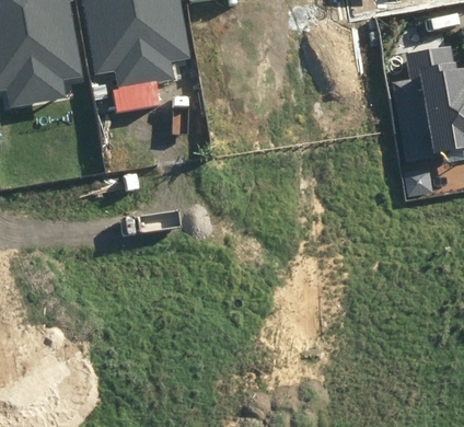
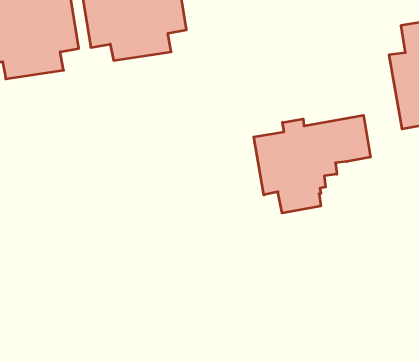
building: none -> [254,115,371,213]

